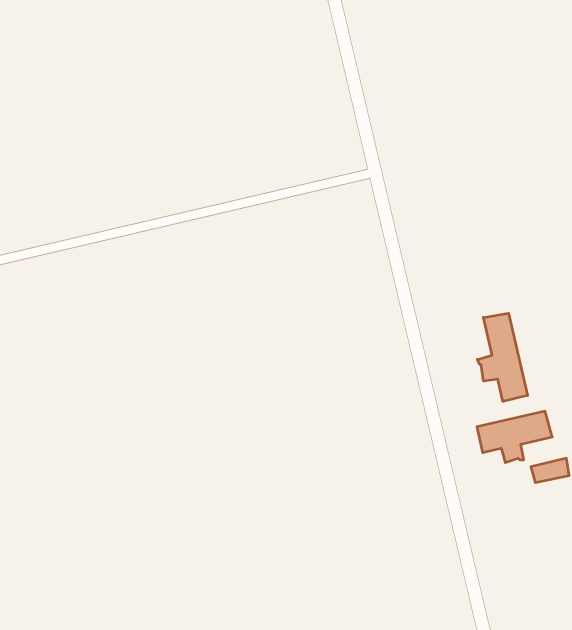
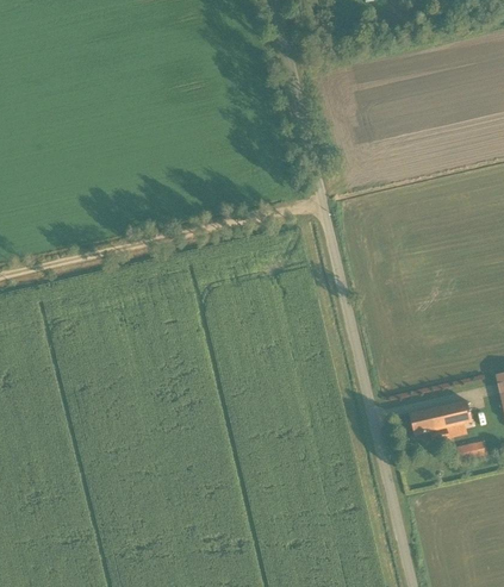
building: [477,313,528,401] -> none

